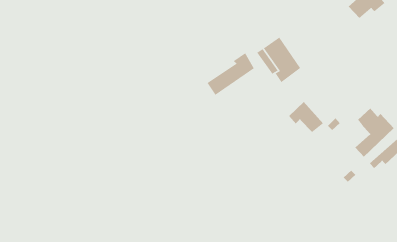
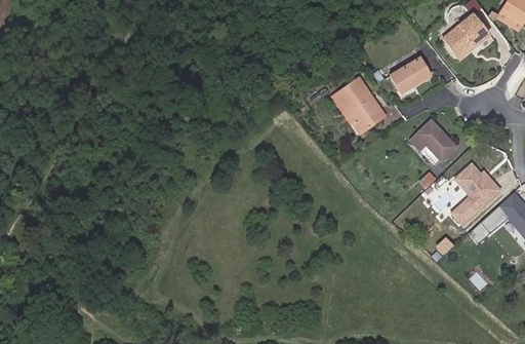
building: none -> [391,55,432,87]
building: [207,52,255,96] -> none
building: [288,101,324,133] -> [411,119,455,158]

